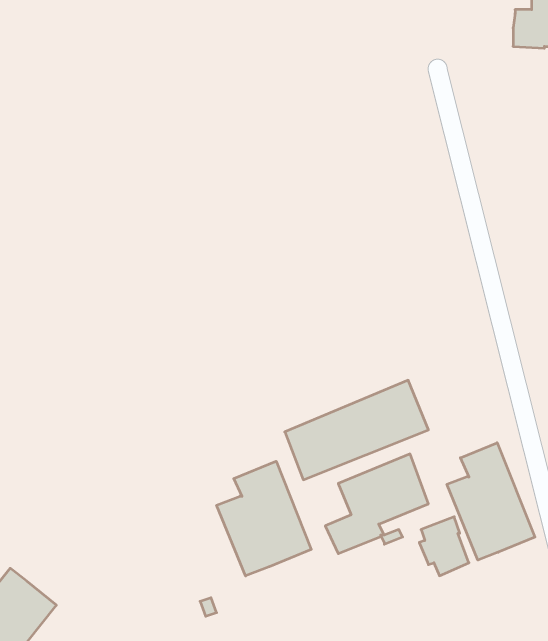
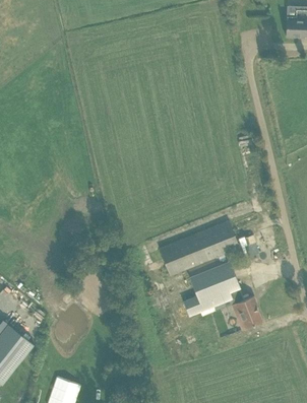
building: [447,443,535,560] -> none
building: [217,461,311,576] -> none

